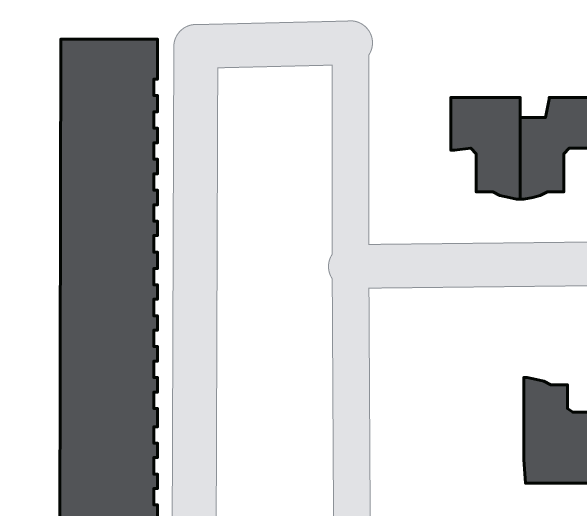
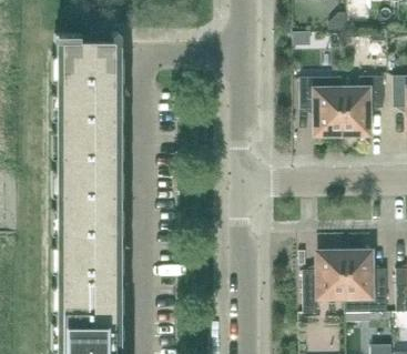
building: none -> [304,245,345,311]

